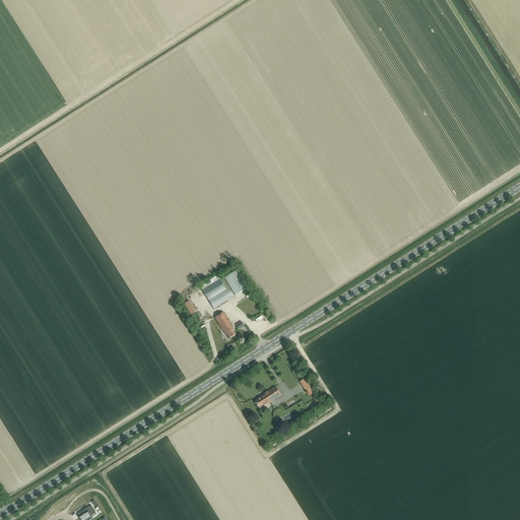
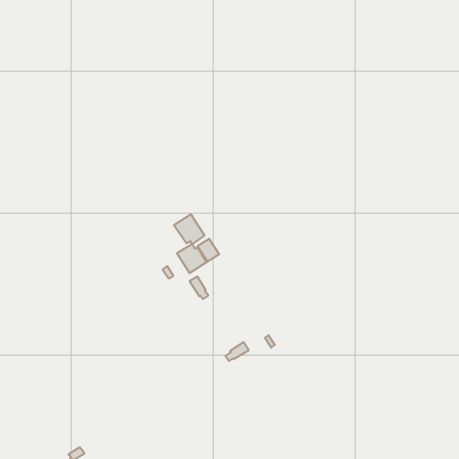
building: none -> [174,214,205,244]

